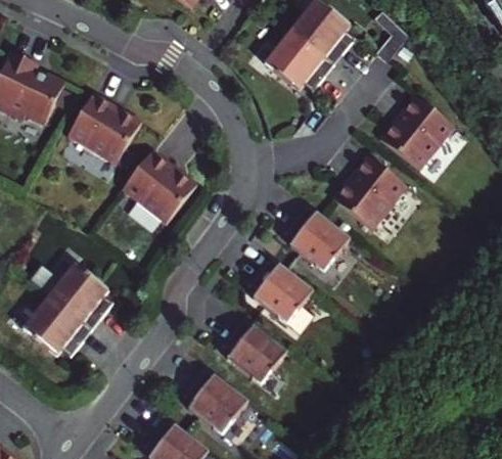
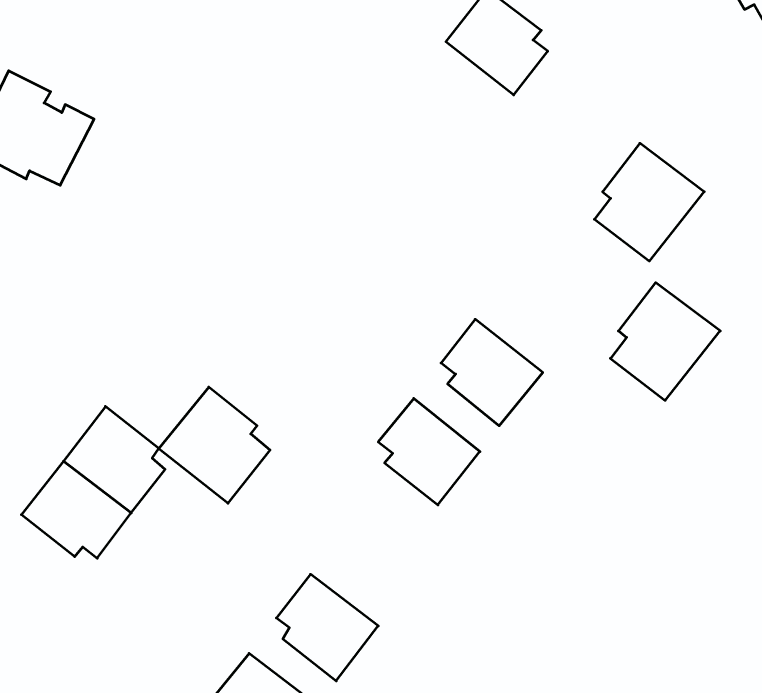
building: [264,30,333,91] -> none
building: [69,90,139,163] -> none
building: [122,150,192,224] -> [159,387,270,503]
building: [337,154,407,229] -> [610,283,720,400]
building: [222,316,286,384] -> none

